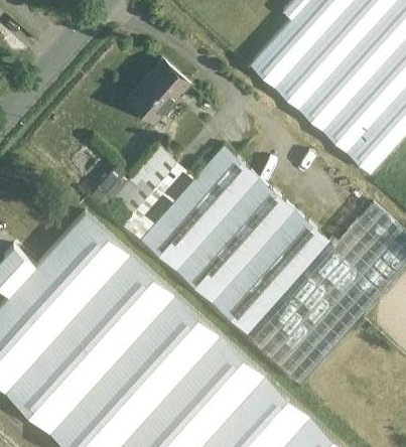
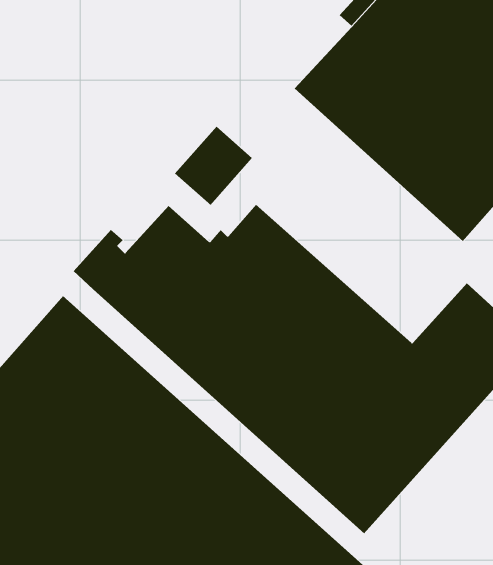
building: [130,64,186,122] -> [174,126,253,206]

